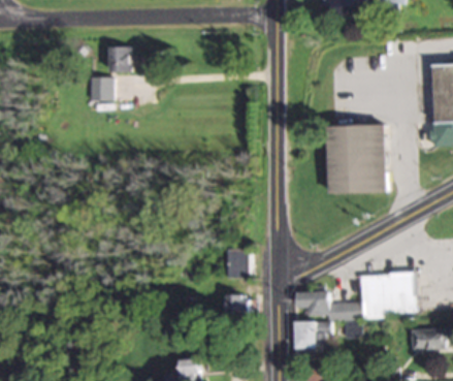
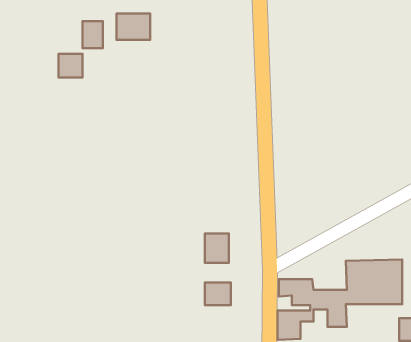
building: none -> [117,13,150,40]
building: [330,125,388,193] -> none

